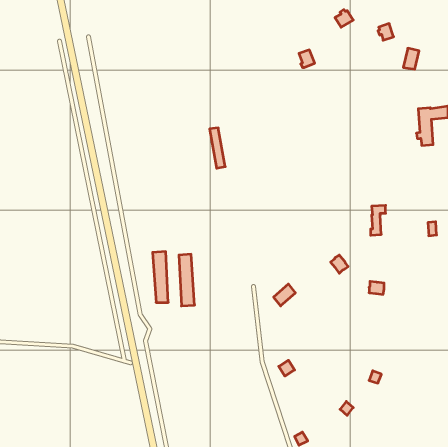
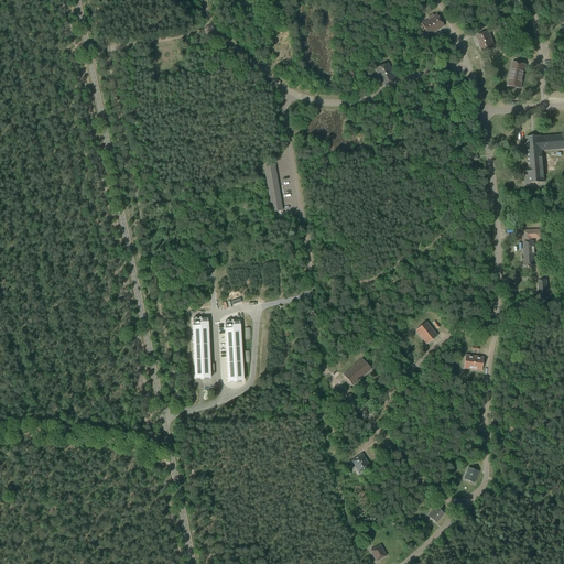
building: [371,205,386,235] -> [522,228,541,265]

